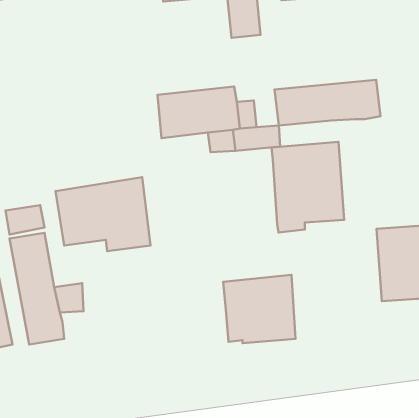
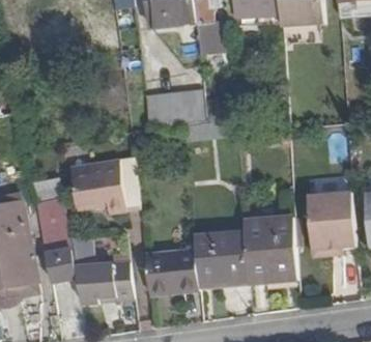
building: [275,80,380,126] -> none
building: [272,142,344,232] -> [244,217,297,284]
building: none -> [145,252,199,294]
building: none -> [75,262,134,304]

